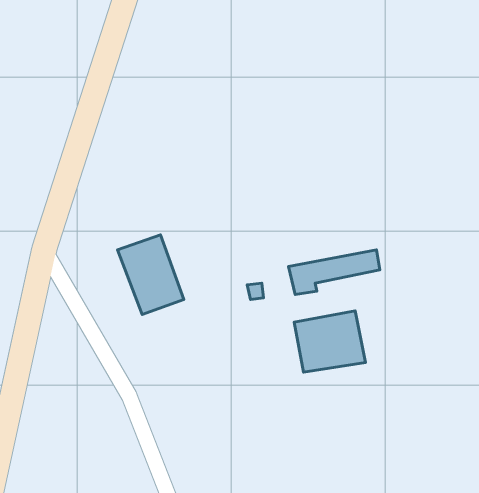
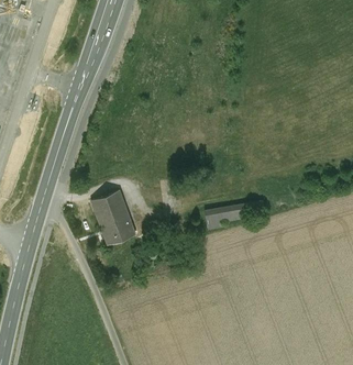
building: [294,311,365,372] -> none

